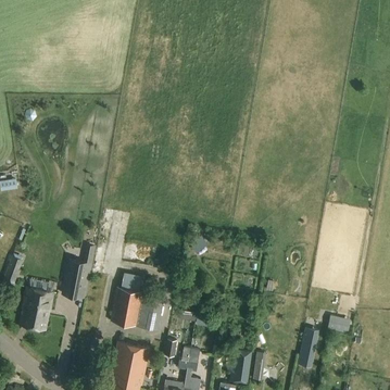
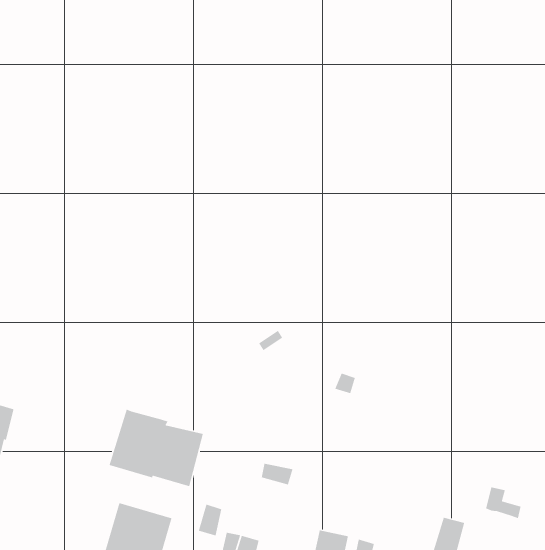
building: [61,244,96,299] -> none

